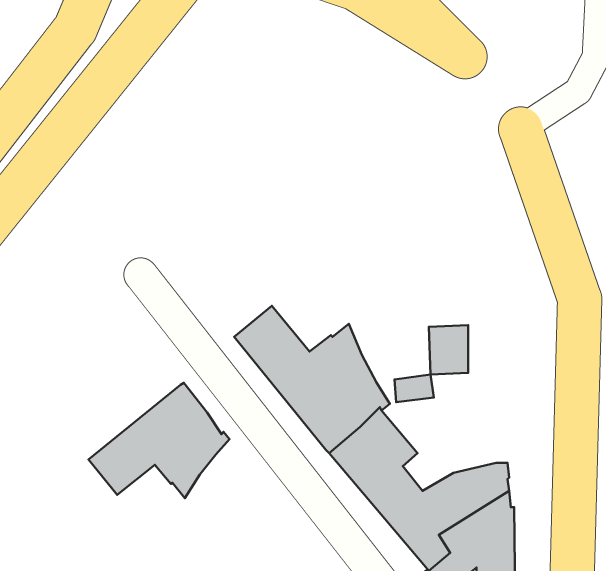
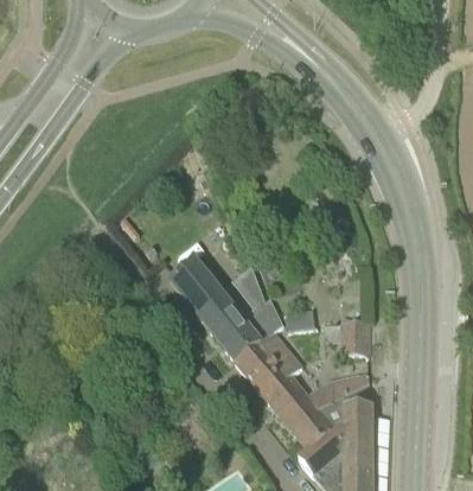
building: [429,325,468,374] -> [341,320,370,356]
building: [89,383,230,498] -> none

